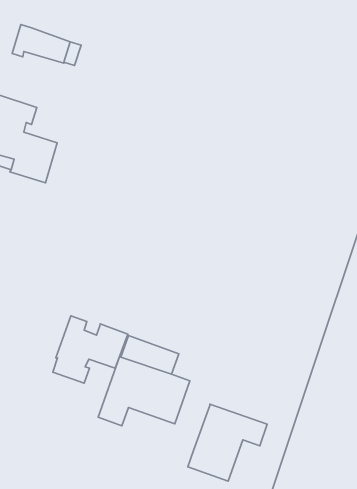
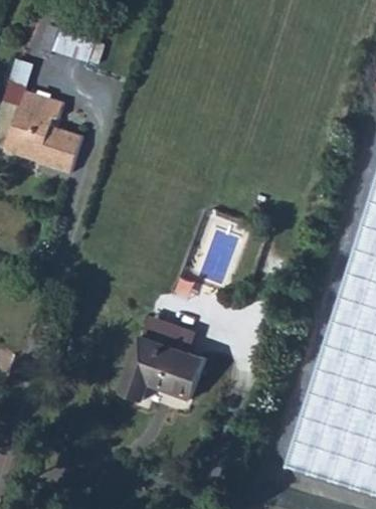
building: [53,316,128,383] -> none
building: [188,404,267,481] -> none

